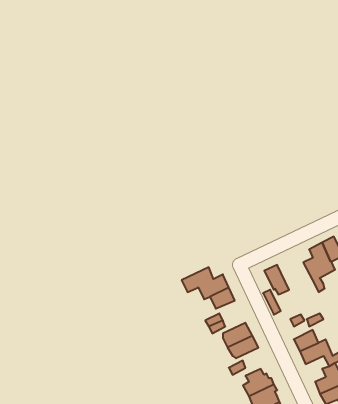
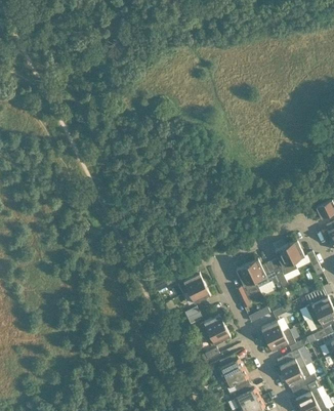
building: none -> [247,259,280,288]

